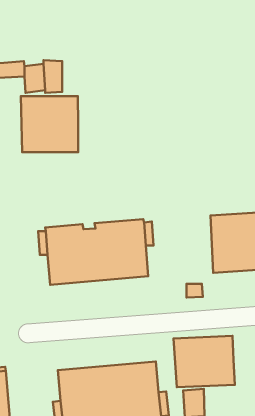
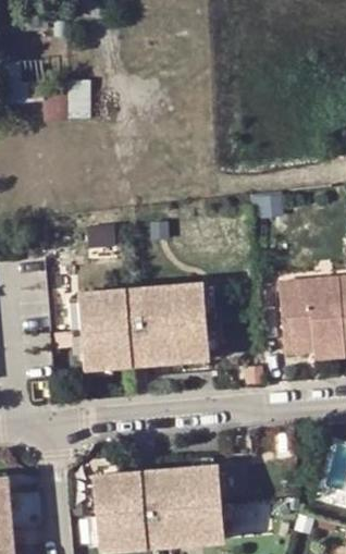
building: [21,96,78,152] -> none
building: [173,336,235,387] -> none

